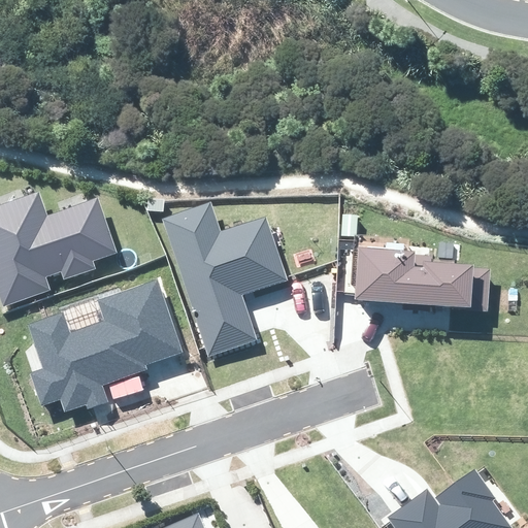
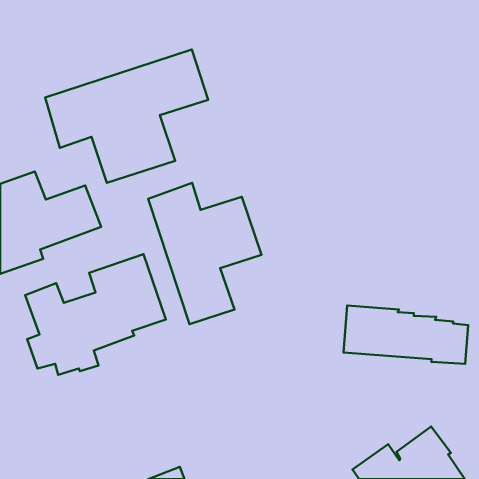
building: none -> [45,49,208,183]
building: [354,248,491,311] -> [343,306,468,364]

